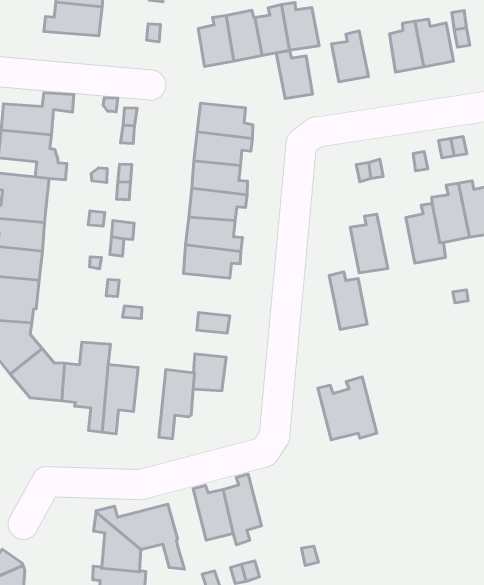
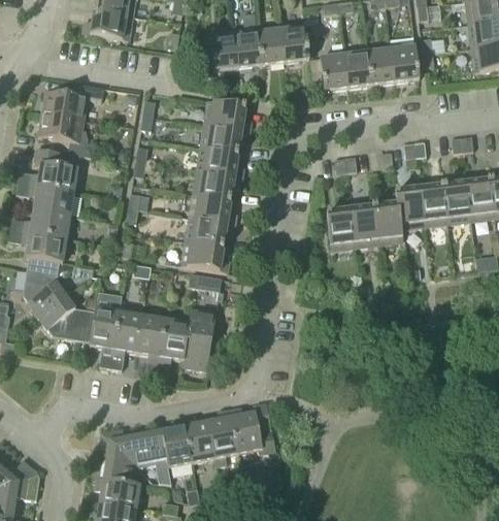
building: [276,51,312,98] -> [343,47,371,87]
building: [329,272,367,330] -> [348,199,377,247]
building: none -> [181,240,229,272]
building: none -> [137,316,166,375]
building: [318,377,377,440] -> [229,402,275,453]
building: none -> [181,336,211,369]
building: none -> [161,419,191,467]

